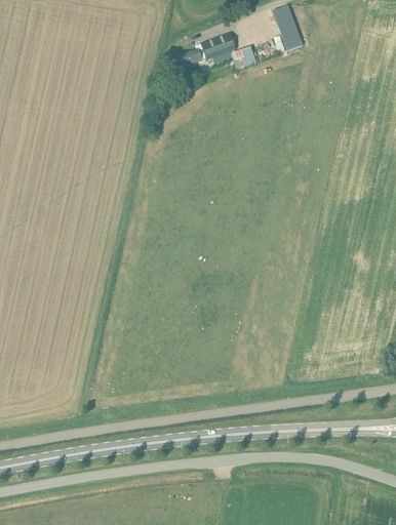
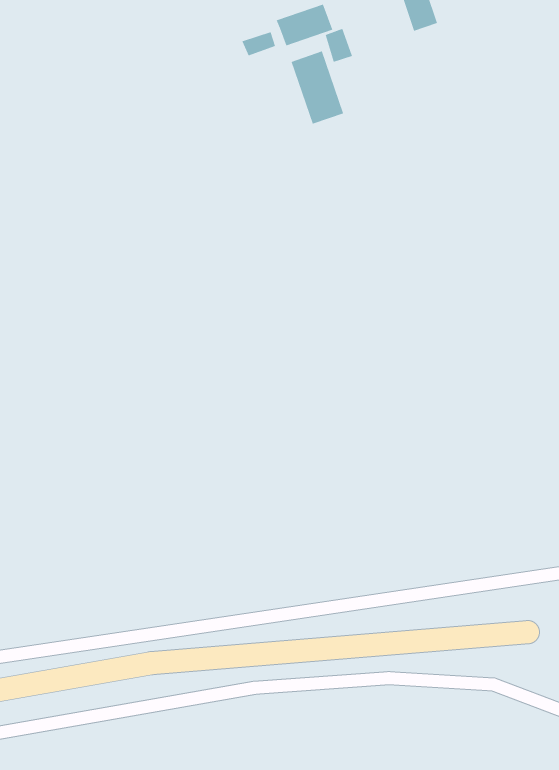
building: none -> [291,51,344,124]

